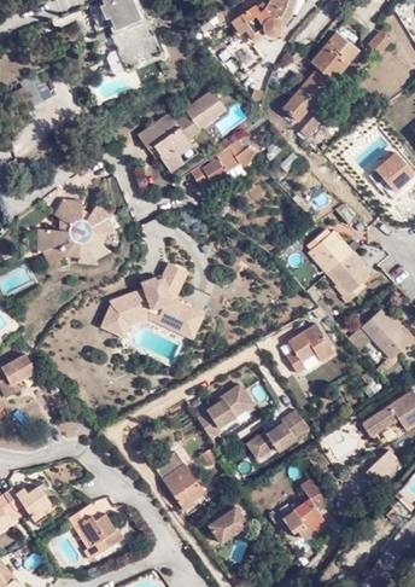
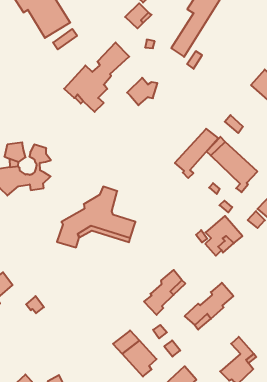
building: [194,157,230,186] -> none
building: none -> [175,129,218,178]

